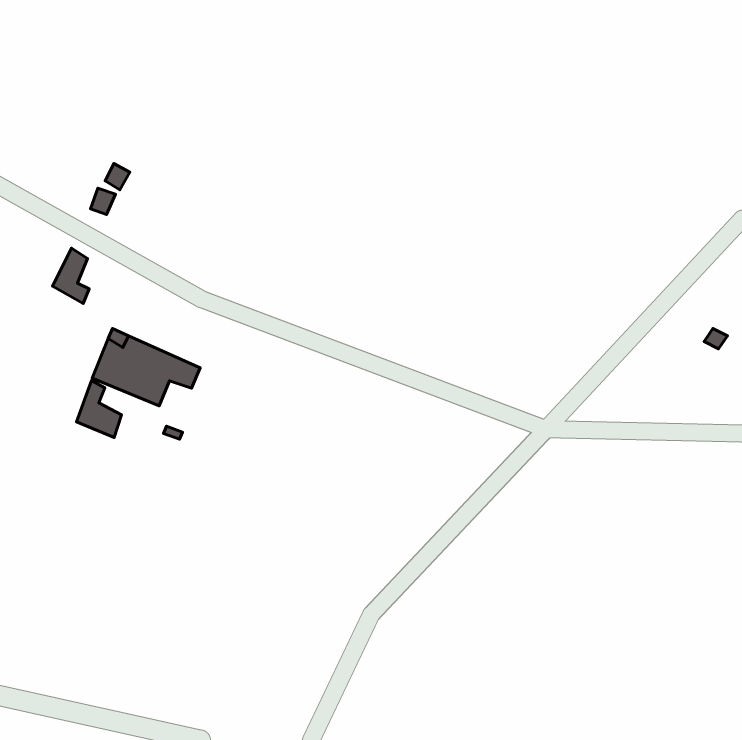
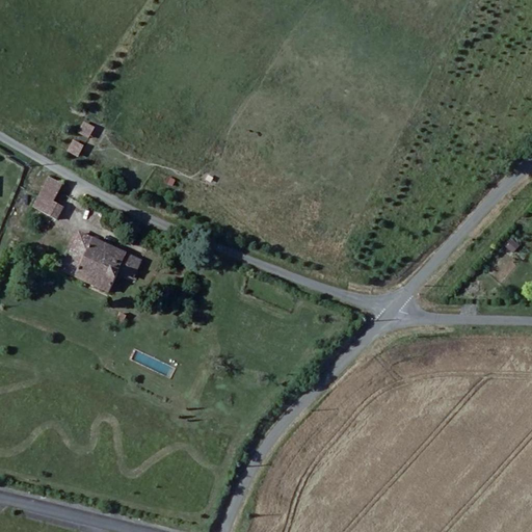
building: [77,381,122,438] -> none

